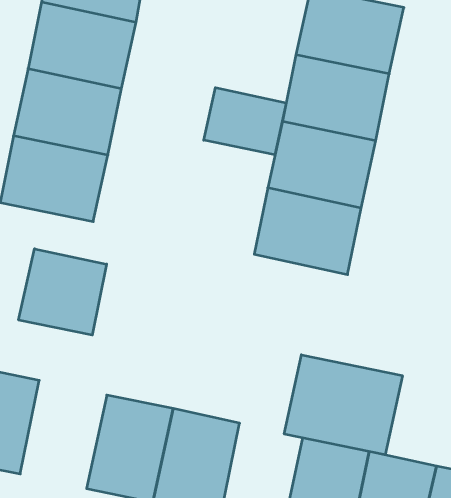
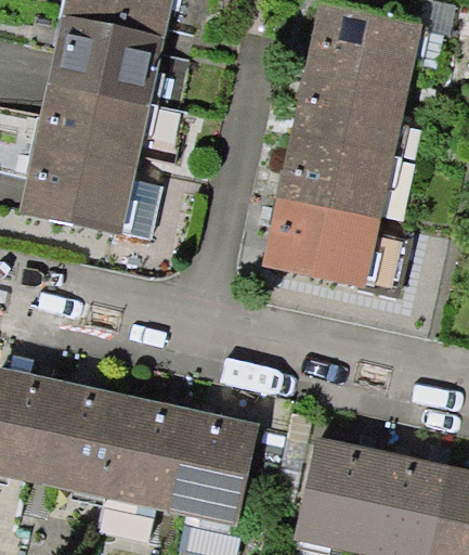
building: [204,88,286,155] -> none
building: [19,249,107,335] -> none
building: [284,355,402,455] -> none
building: none -> [44,386,128,490]

